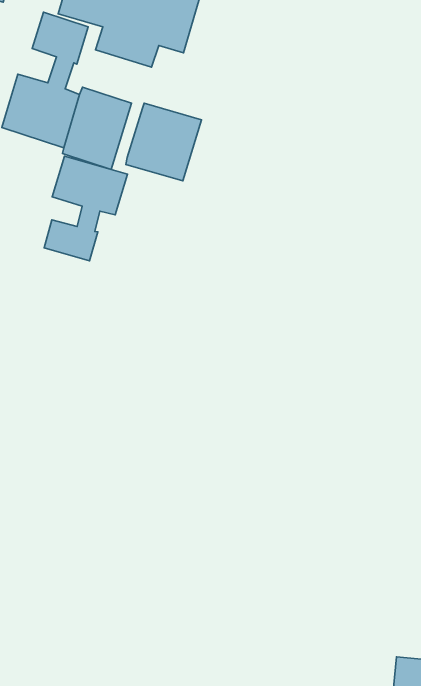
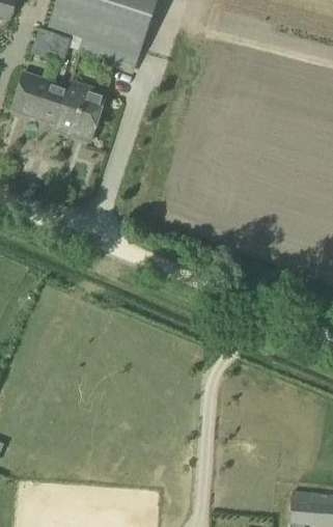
building: [126,103,202,181] -> none
building: [44,156,127,261] -> none

